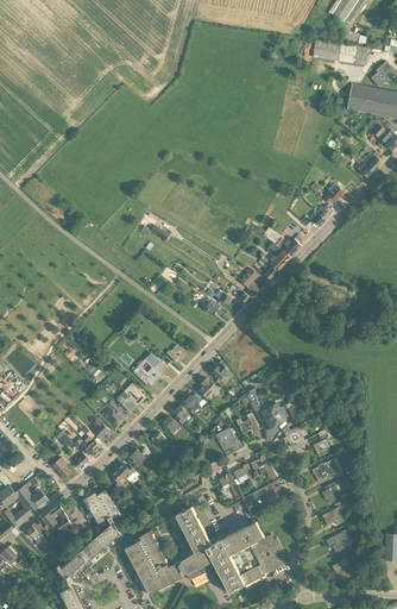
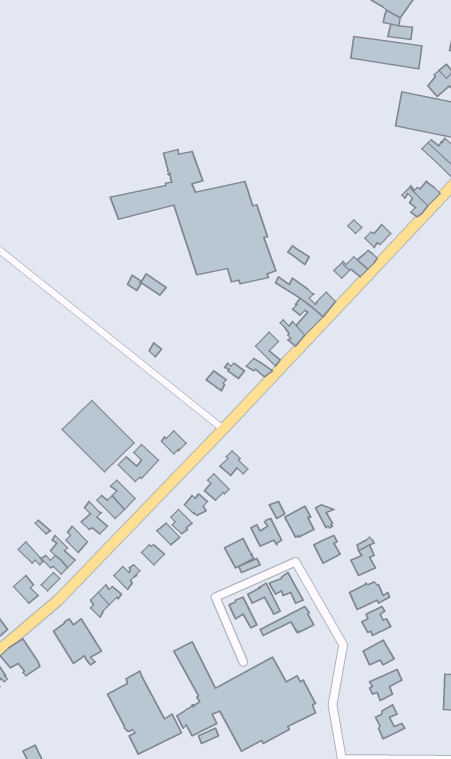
building: none -> [110,149,276,284]
building: none -> [62,401,134,472]
building: [56,523,119,579] -> none

